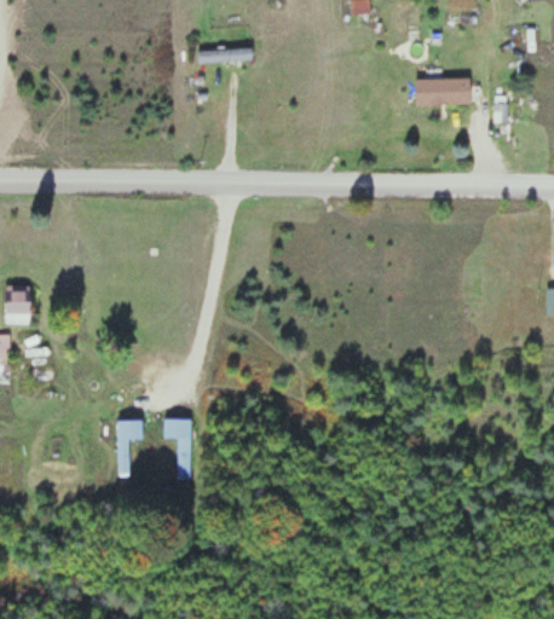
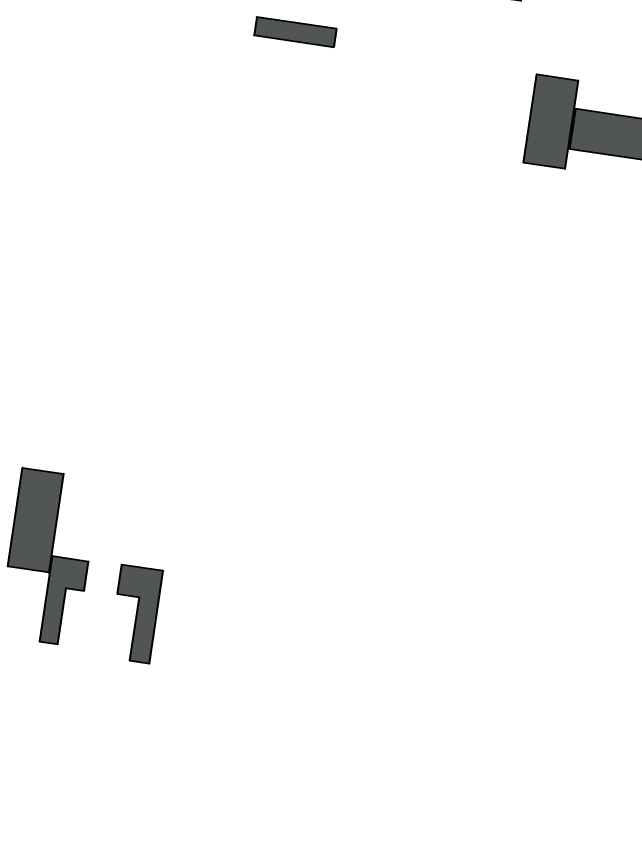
building: none -> [524,74,578,169]
building: none -> [8,468,64,573]

